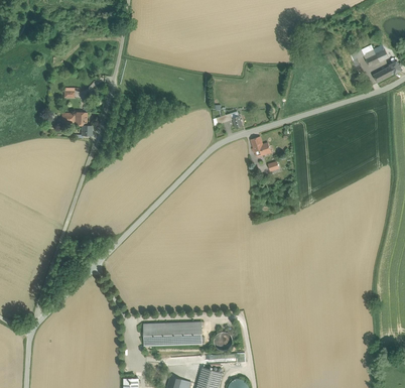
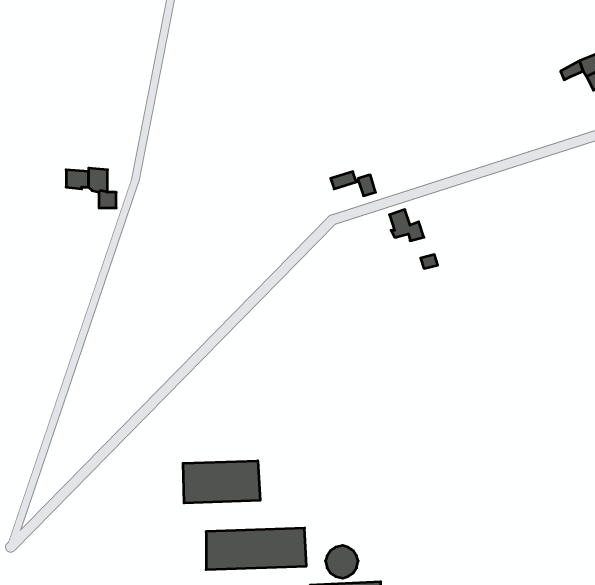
building: none -> [183,461,260,503]

